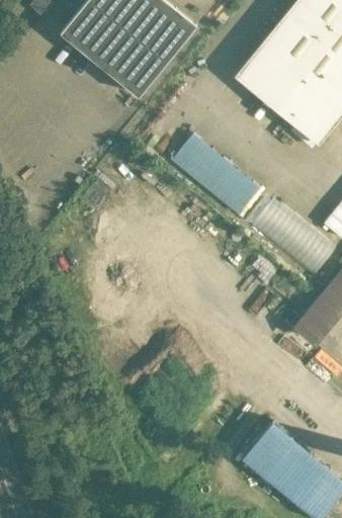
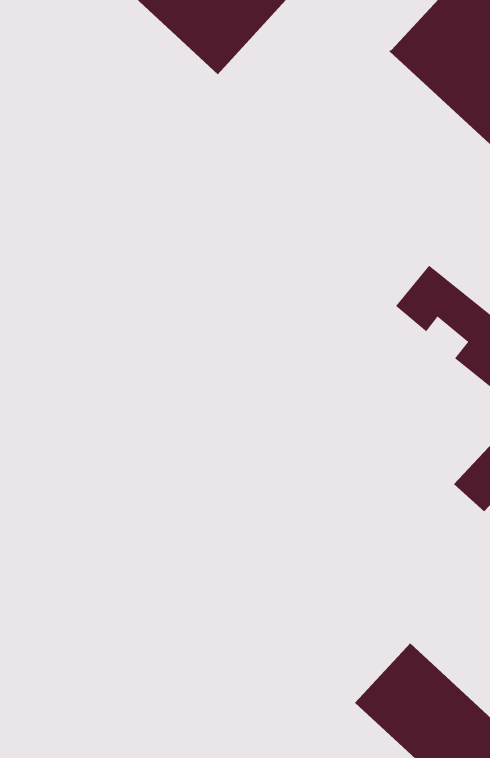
building: [170,133,260,214] -> none

